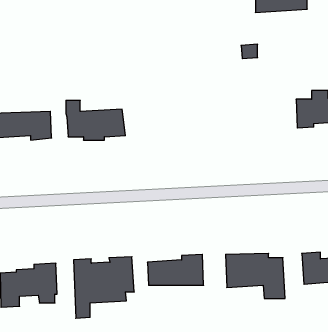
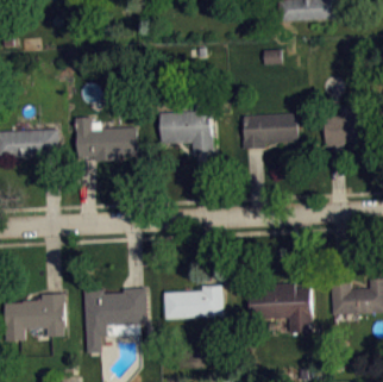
building: none -> [158,111,213,152]
building: none -> [240,112,297,149]

